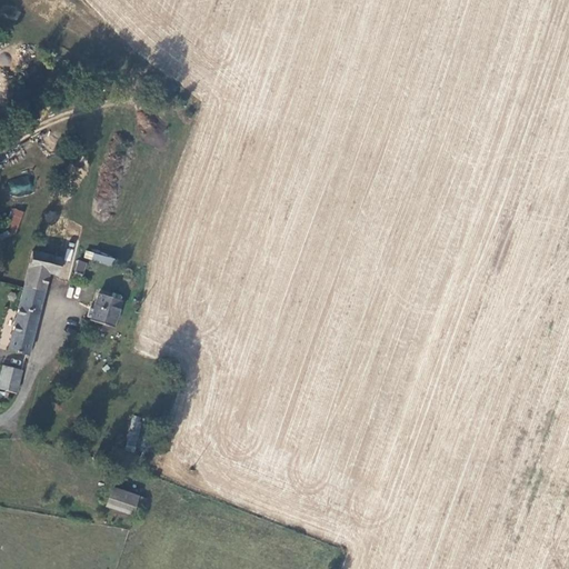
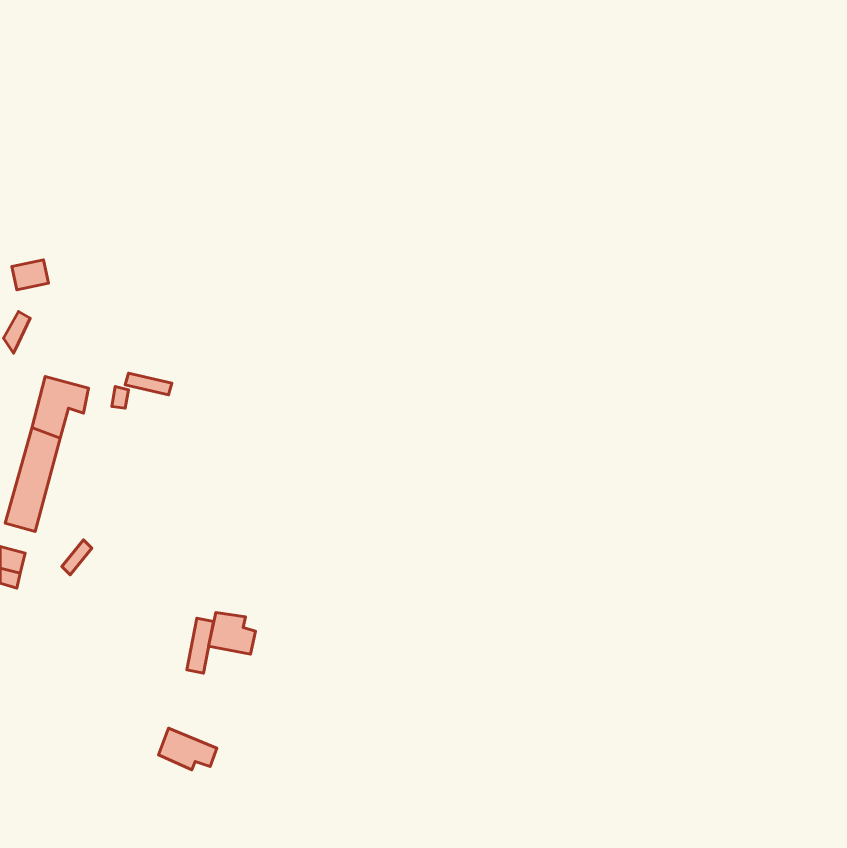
building: [88,295,118,329] -> none
building: none -> [209,612,256,654]

